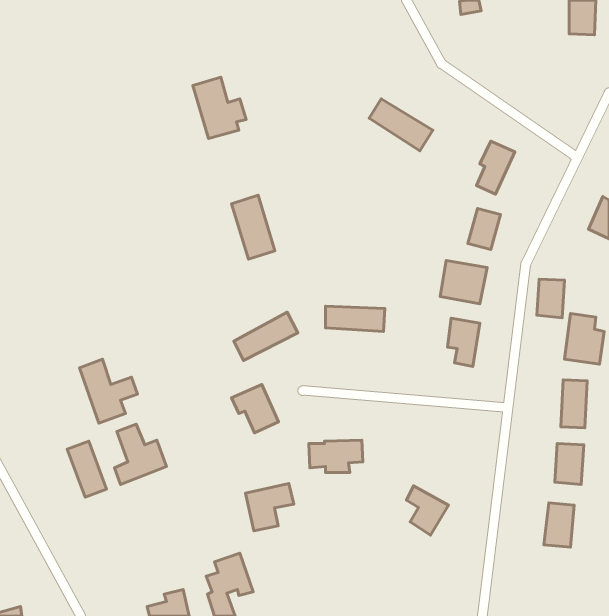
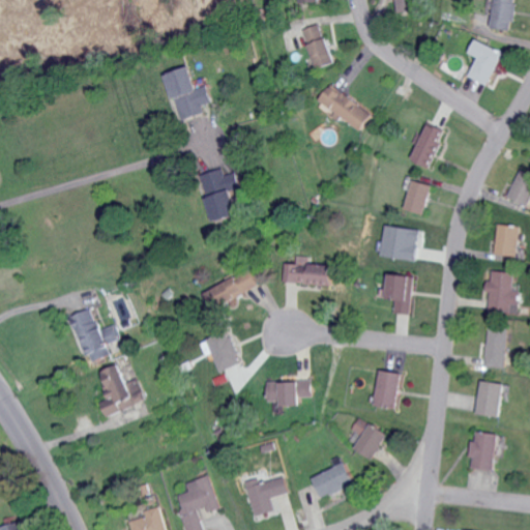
building: none -> [300,23,334,68]
building: none -> [466,39,500,85]
building: [537,279,565,318] -> [493,225,517,258]
building: none -> [375,371,399,407]
building: [67,441,107,497] -> none
building: [246,484,294,531] -> [243,475,285,516]
building: none -> [311,462,353,499]

